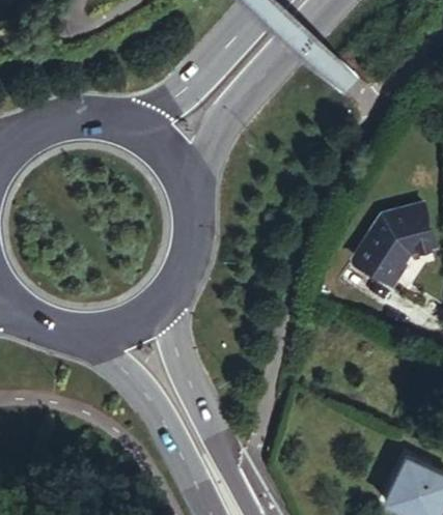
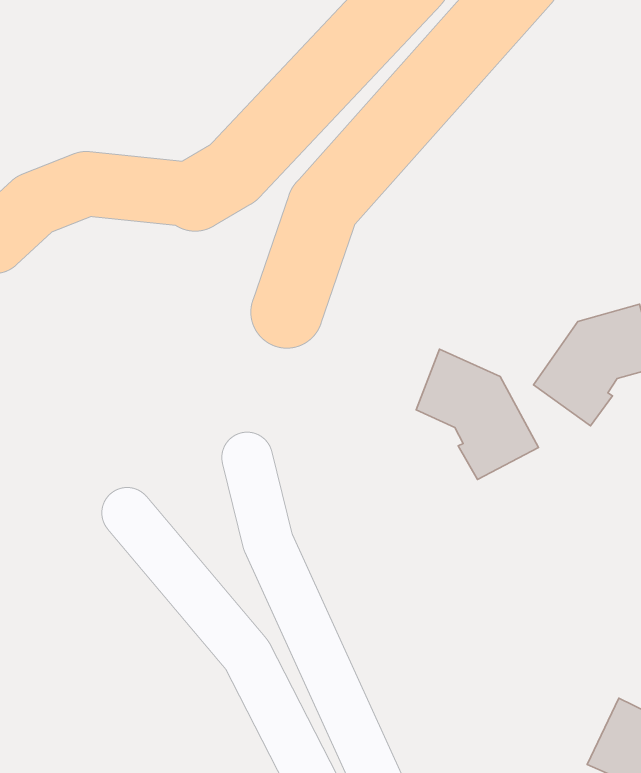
building: none -> [416,349,539,480]

